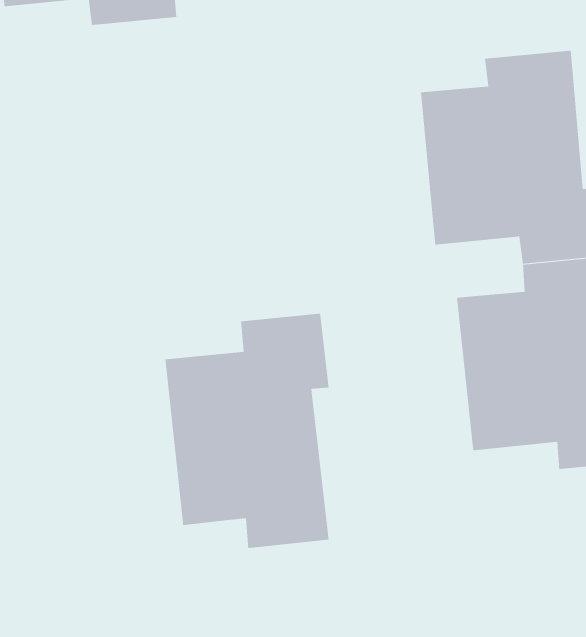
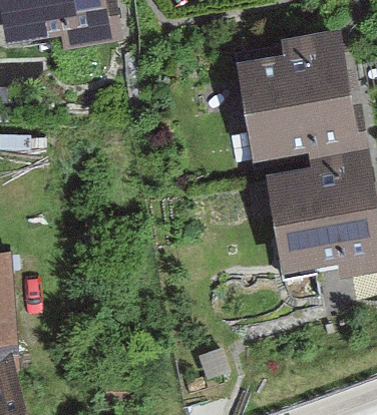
building: [165,313,329,549] -> none

